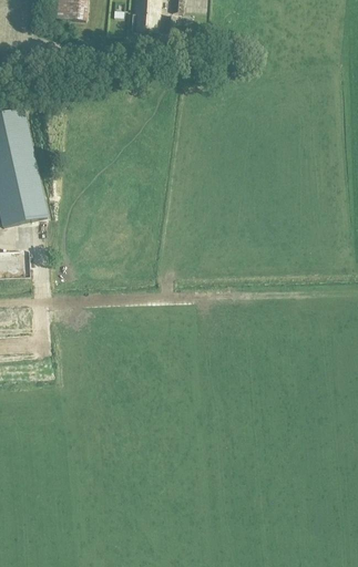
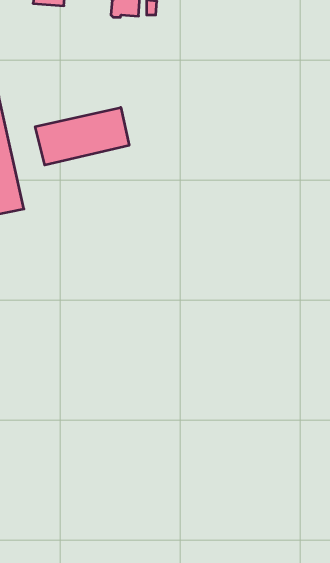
building: none -> [35,107,129,165]

